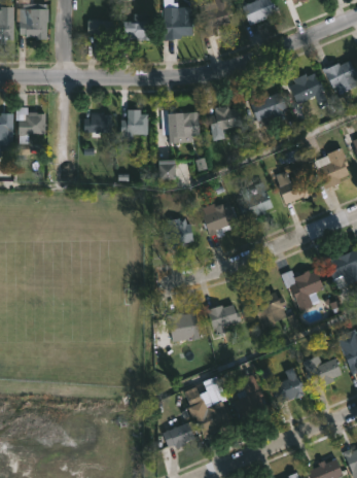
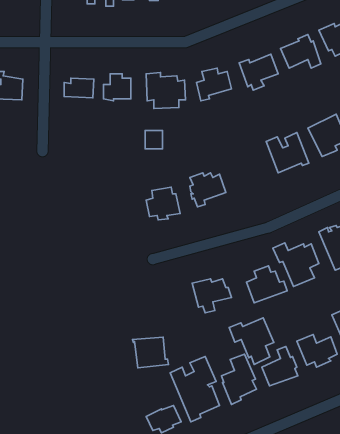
building: [239,181,273,218] -> none
building: [167,312,201,341] -> [132,337,168,368]
building: none -> [229,318,274,364]

